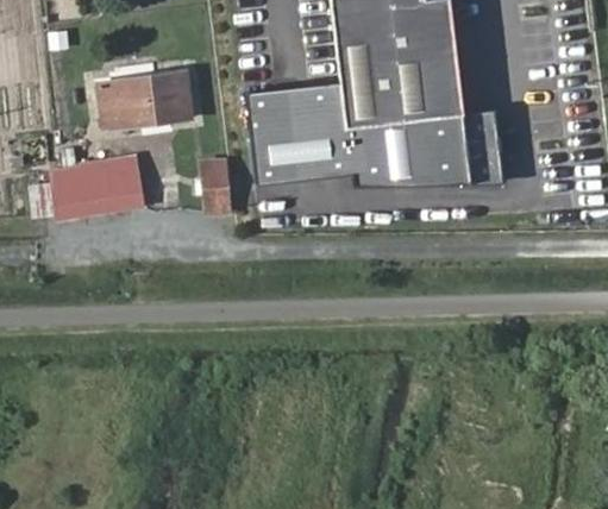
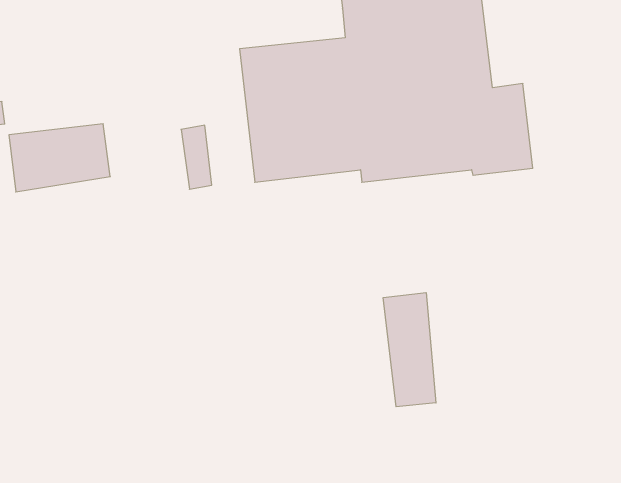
building: [96,71,188,120] -> none
building: none -> [383,293,436,407]

